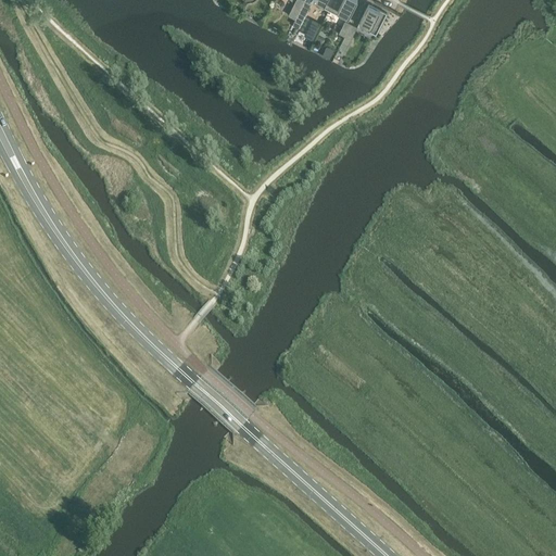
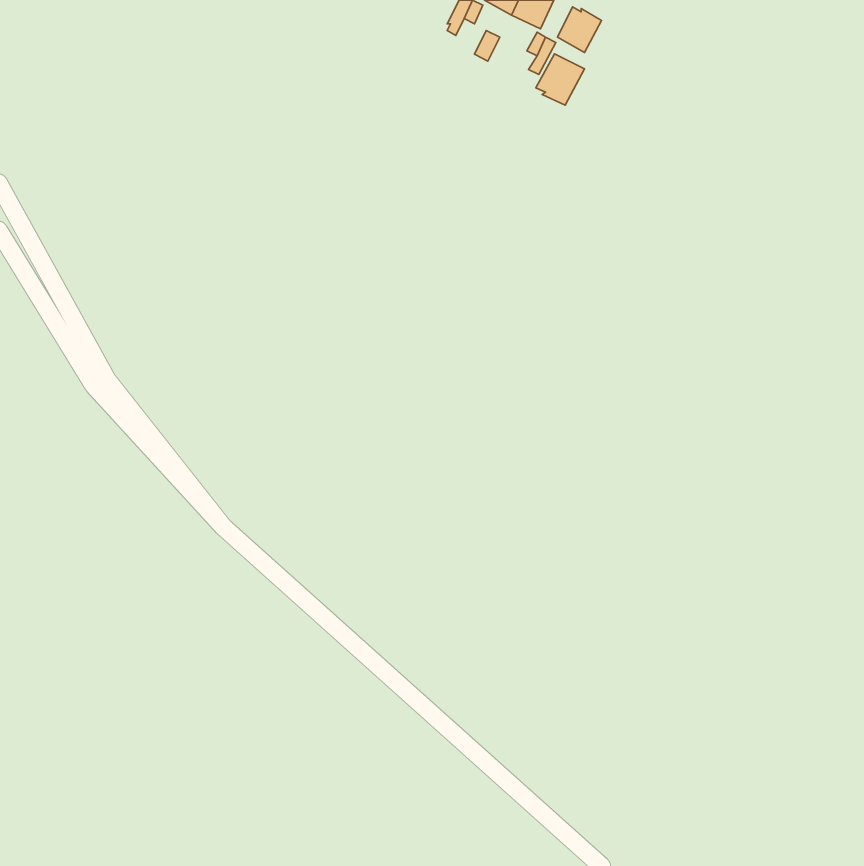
building: none -> [536,54,584,105]

